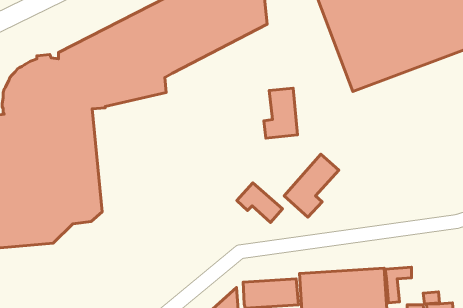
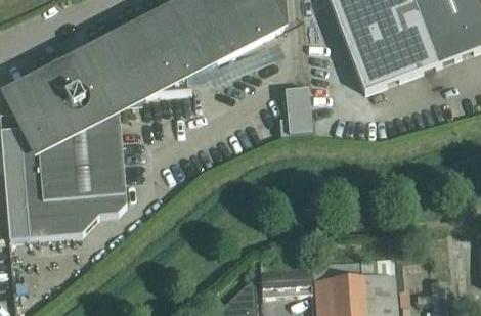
building: [284,154,339,217] -> none
building: [237,183,282,222] -> none

